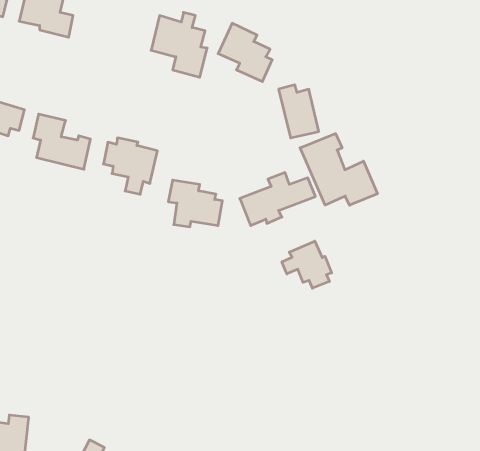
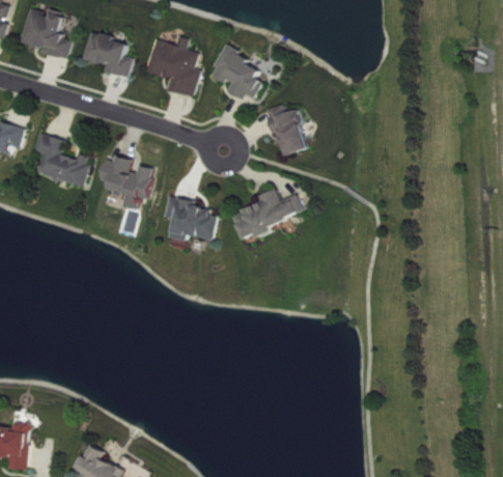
building: none -> [84,32,134,78]
building: [300,134,377,205] -> none
building: [282,241,332,288] -> none

